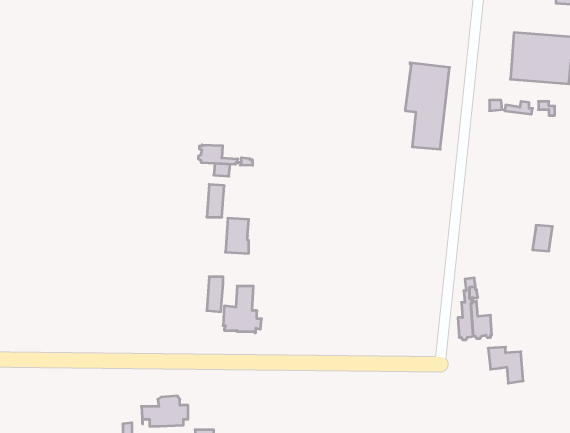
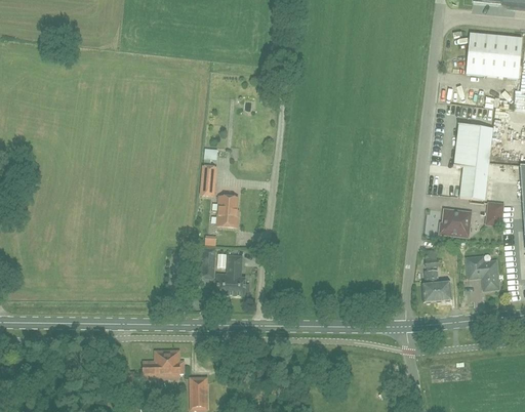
building: [405,63,450,149] -> [453,123,492,199]
building: [199,145,253,165] -> none
building: none -> [440,209,471,236]
building: [488,347,523,383] -> [467,256,497,288]

